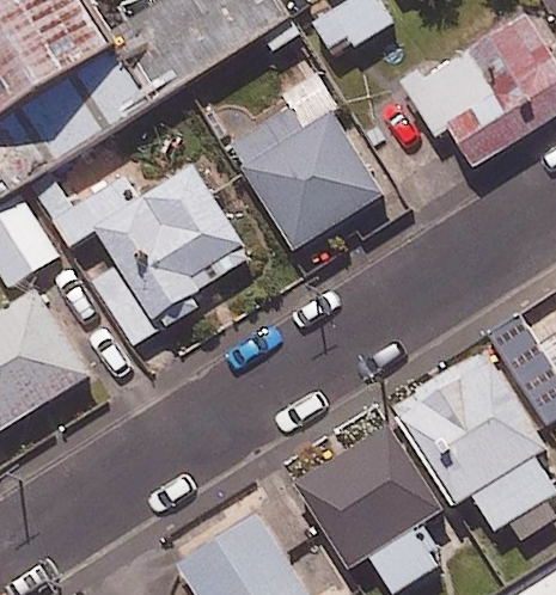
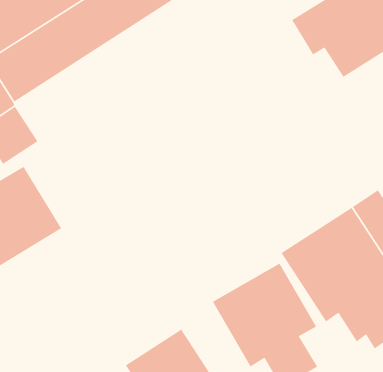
building: [228,69,384,247] -> none
building: [39,162,250,348] -> none

